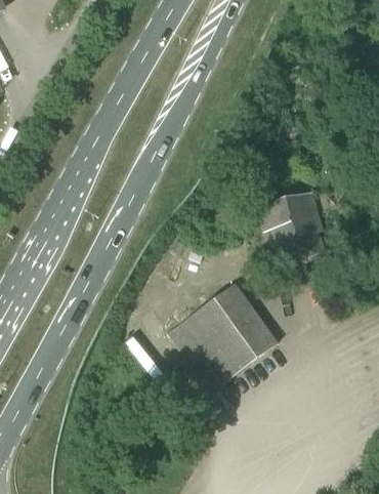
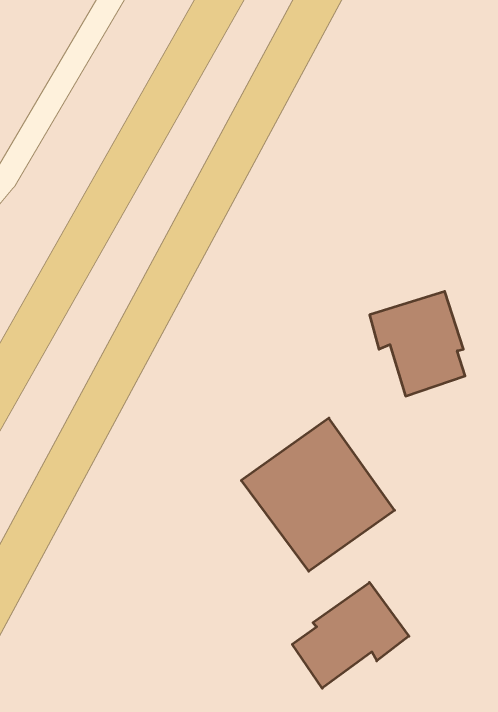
building: none -> [292,582,409,688]

